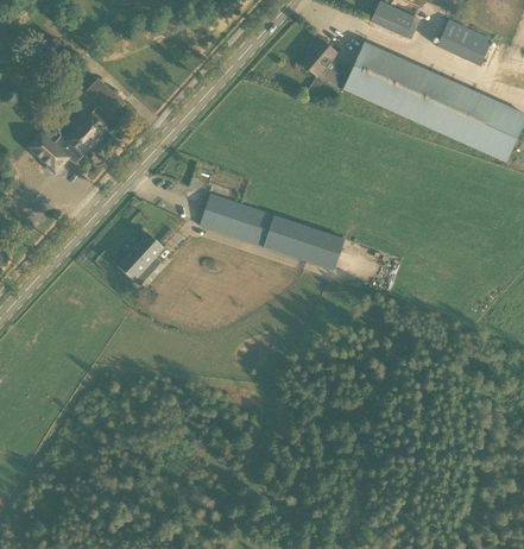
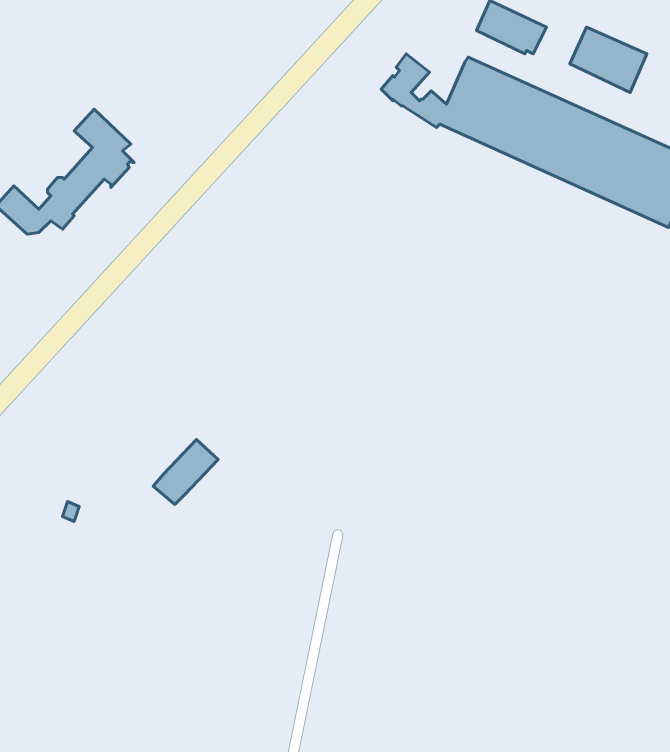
building: [201,194,335,266] -> none
building: [118,233,164,279] -> [153,439,218,505]

